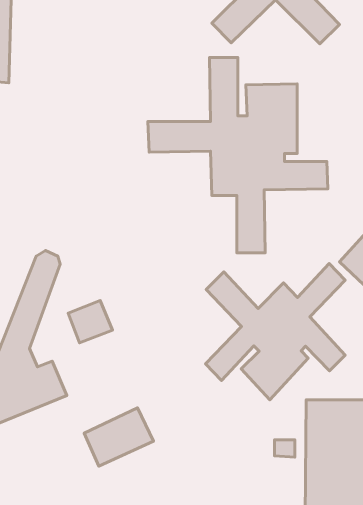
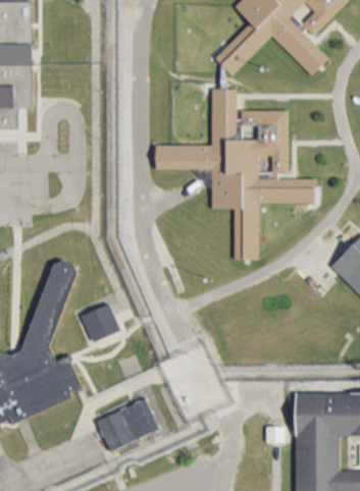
building: [206,263,345,400] -> none

